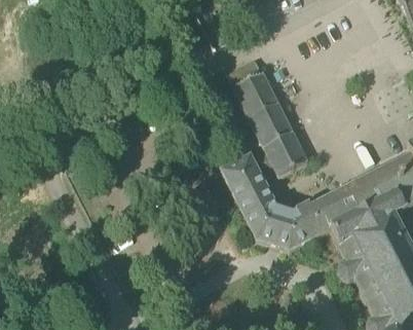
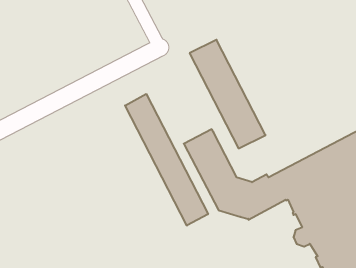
building: none -> [125,94,208,226]

